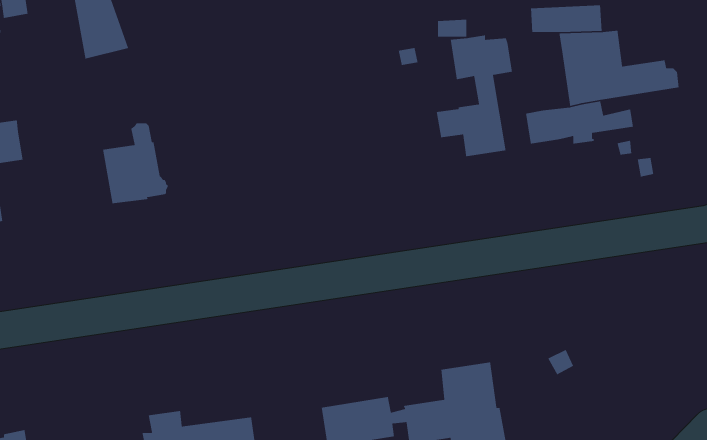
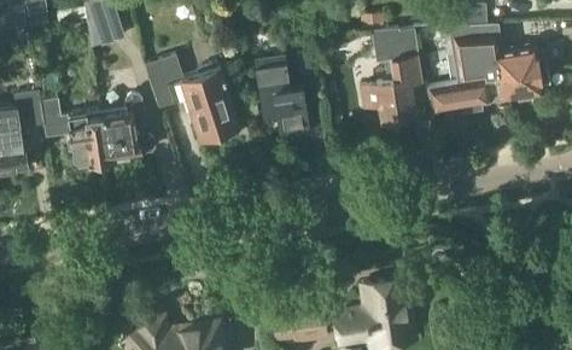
building: none -> [145,57,239,142]
building: none -> [255,59,310,139]
building: none -> [486,70,549,100]
building: none -> [40,100,111,168]

